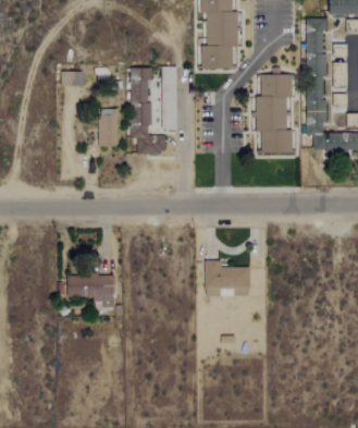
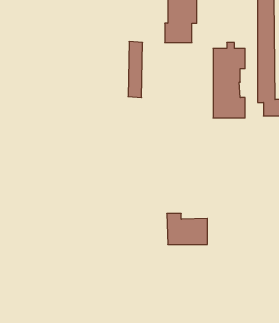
building: [131,69,165,155] -> none
building: [99,109,119,147] -> none
building: [66,274,114,309] -> none

